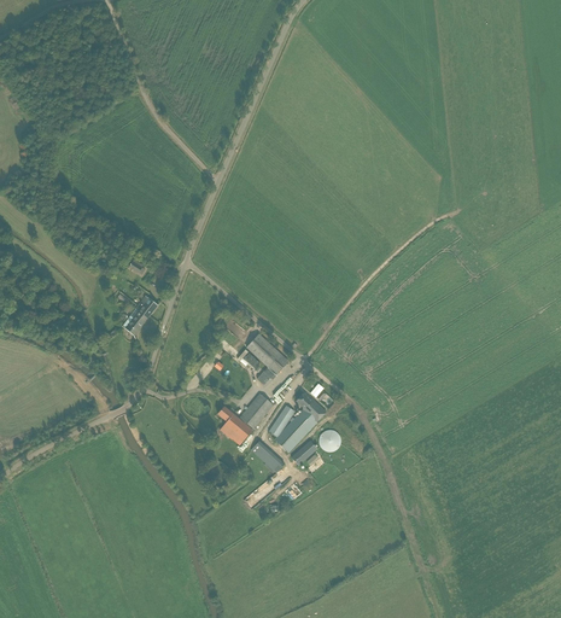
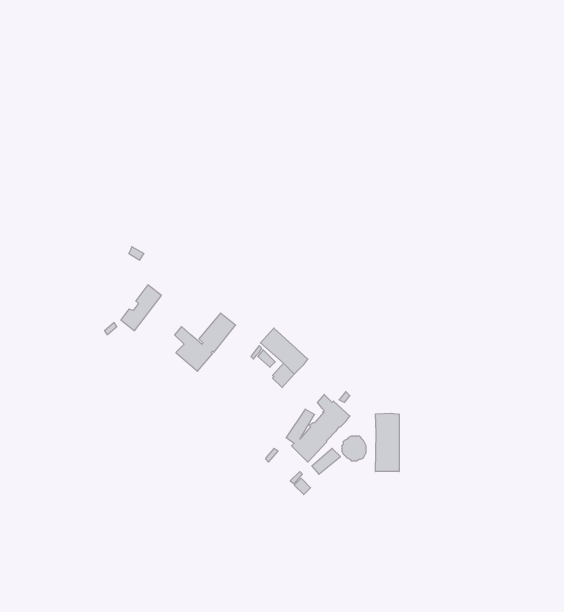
building: [218,393,273,445] -> [175,313,236,371]
building: none -> [376,413,399,472]

